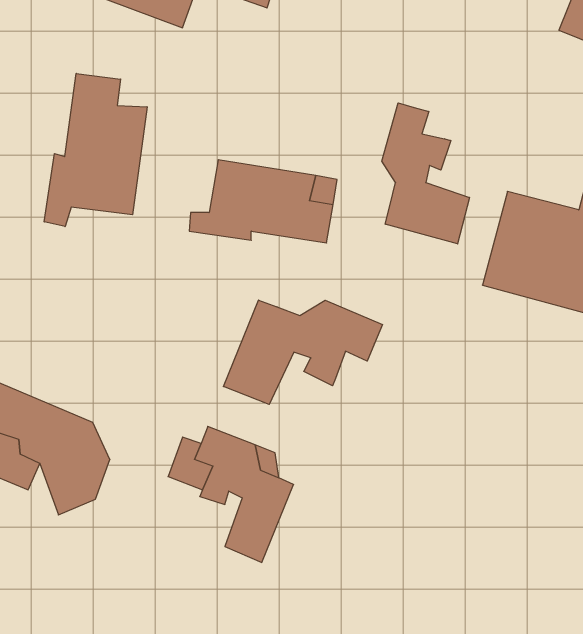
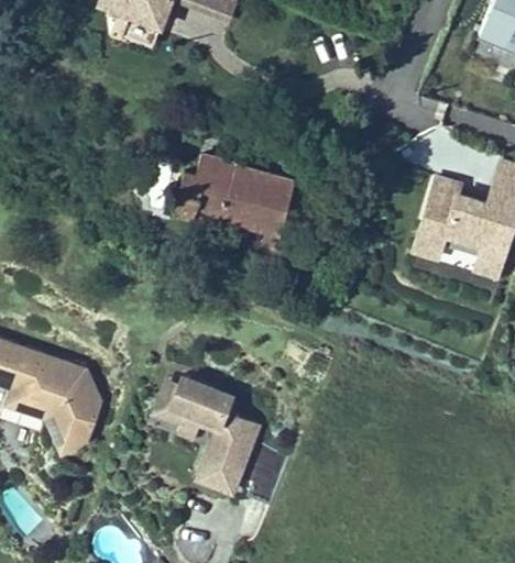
building: [44,73,147,227] -> none
building: [382,103,469,244] -> none
building: [223,300,382,404] -> none

